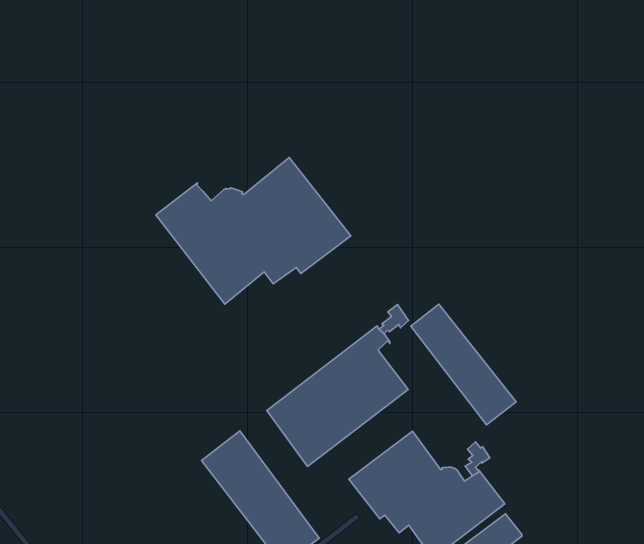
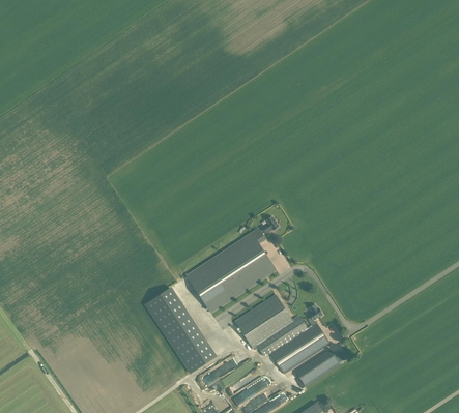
building: [156,157,351,304] -> none
building: [411,304,516,425] -> none

